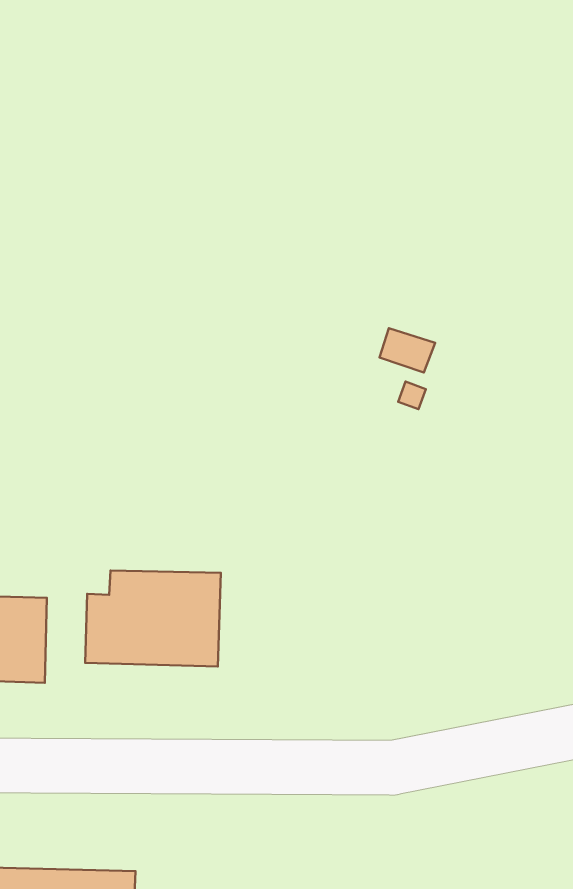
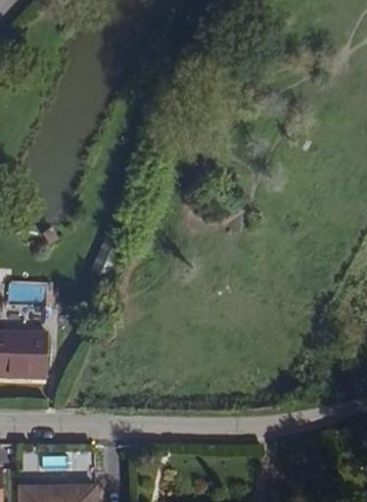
building: [85,571,221,667] -> none

